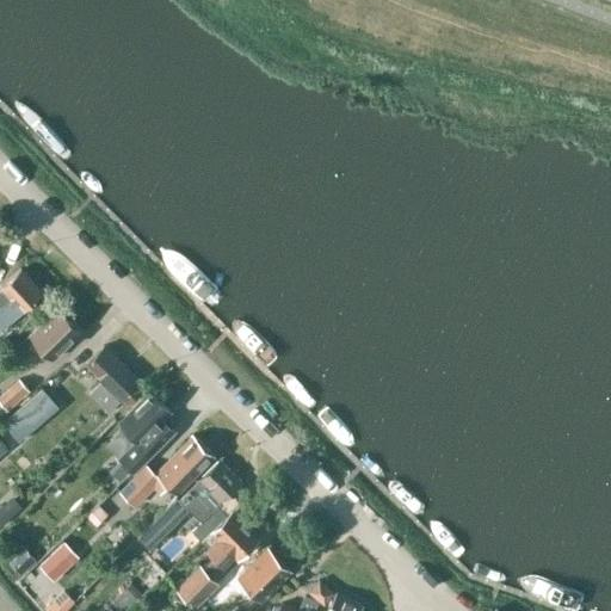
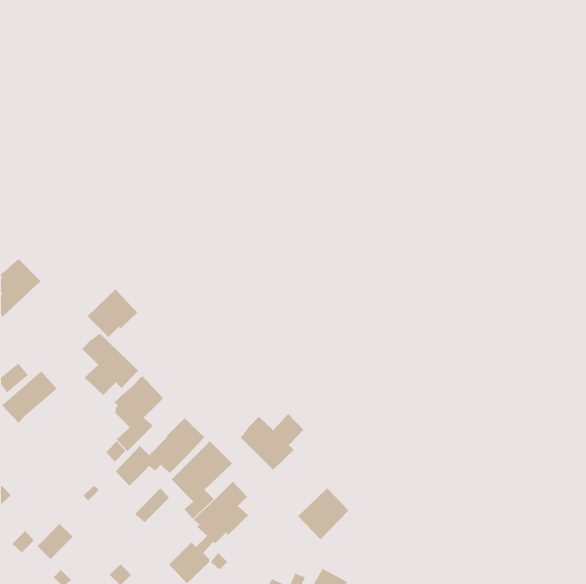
building: [29,308,82,359] -> [87,289,138,338]
building: none -> [240,413,304,471]
building: [236,548,290,603] -> [298,488,349,540]

